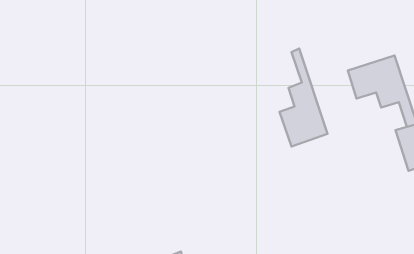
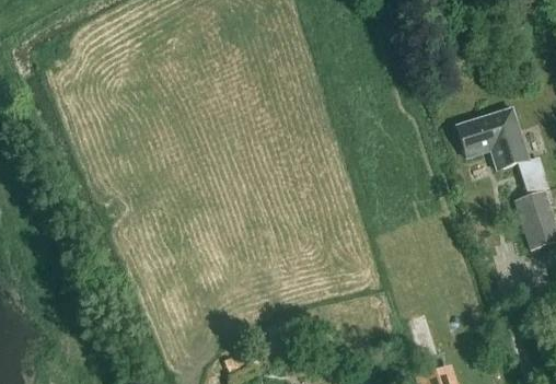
building: [279,49,328,147] -> none

